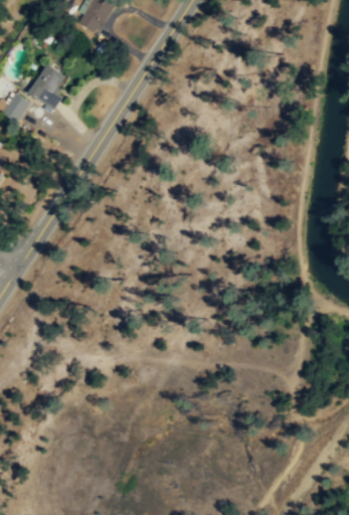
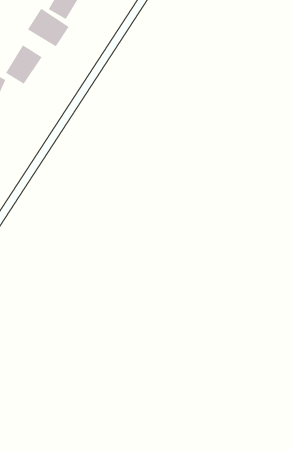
building: none -> [27,8,69,47]

